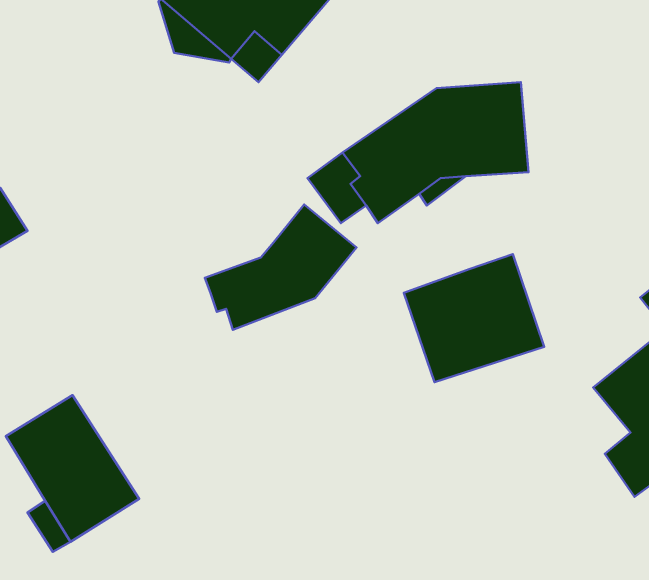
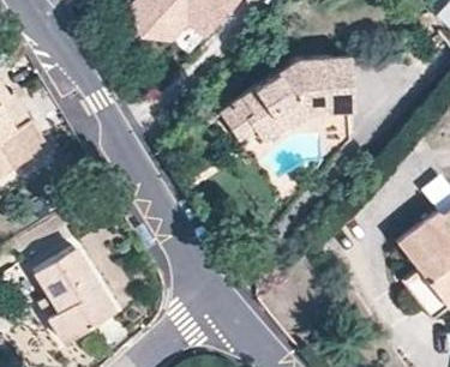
building: [205,205,357,330] -> none
building: [404,254,544,382] -> none

